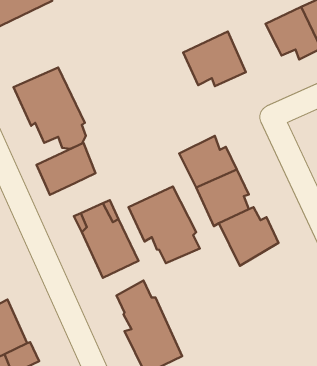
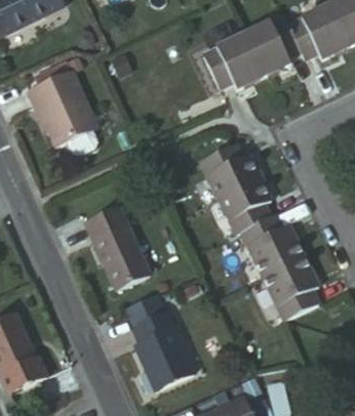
building: none -> [247,17,299,76]
building: [37,143,96,195] -> none
building: [128,186,200,263] -> none
building: none -> [260,252,315,317]

